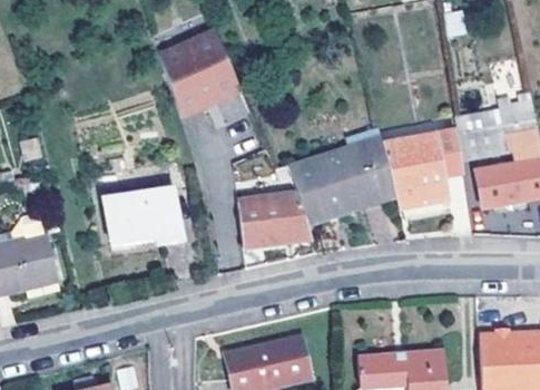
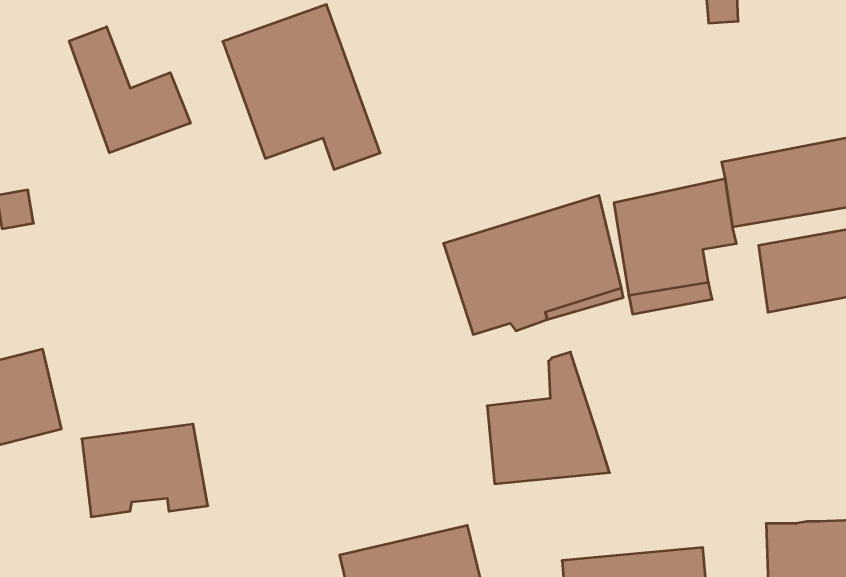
building: none -> [69,27,190,153]
building: [237,167,311,246] -> [487,352,610,484]
building: [106,187,181,243] -> [82,424,208,517]

